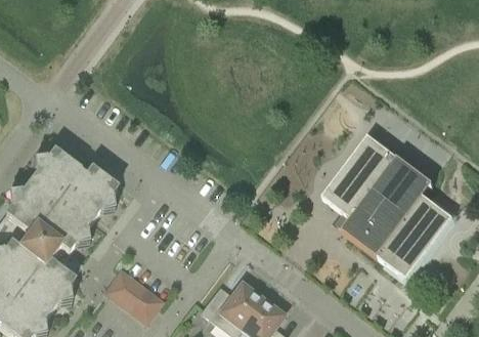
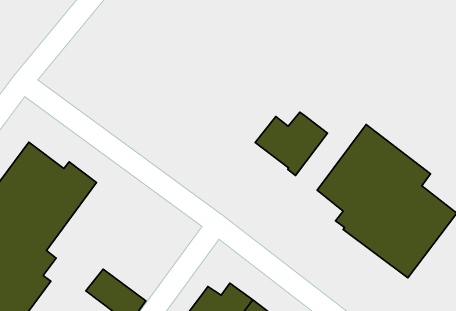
building: none -> [255,112,327,176]

